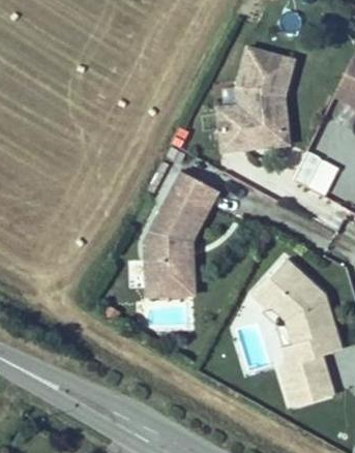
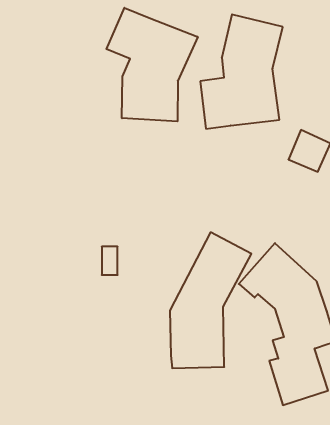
building: none -> [106,8,198,121]
building: [144,173,218,297] -> [170,232,251,368]

